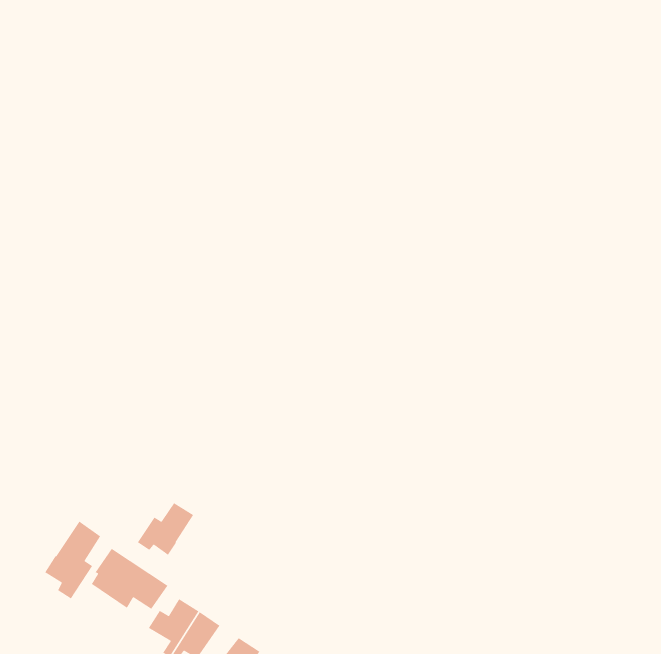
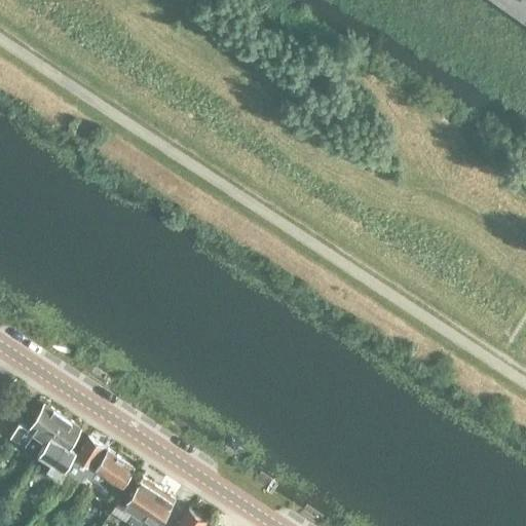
building: [137,502,194,556] -> none
building: none -> [12,408,64,449]

